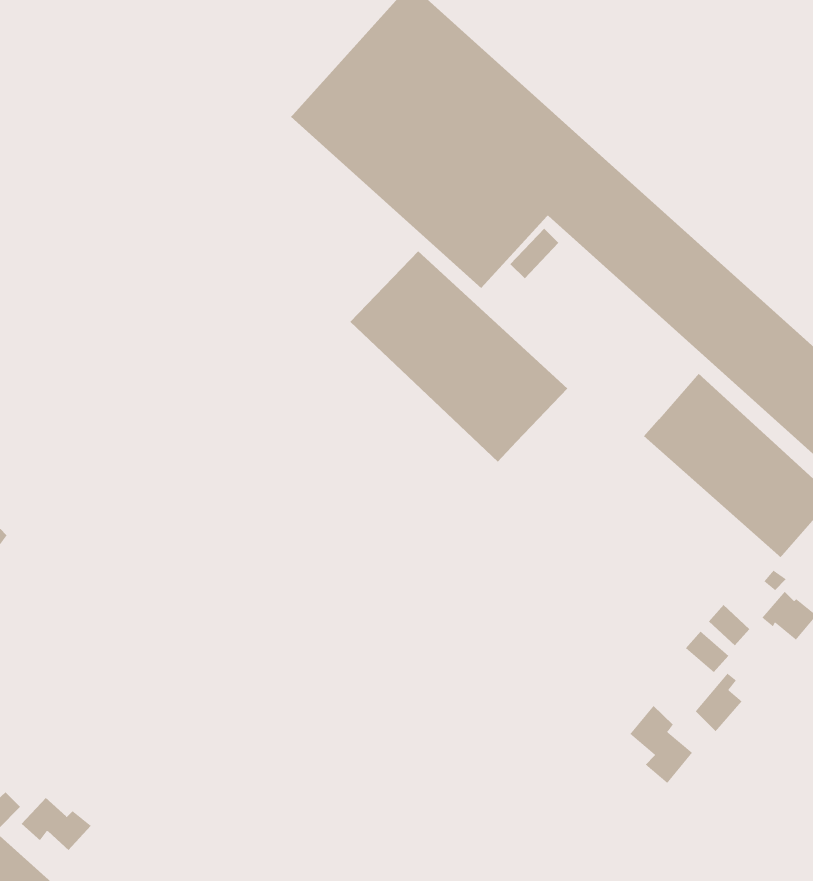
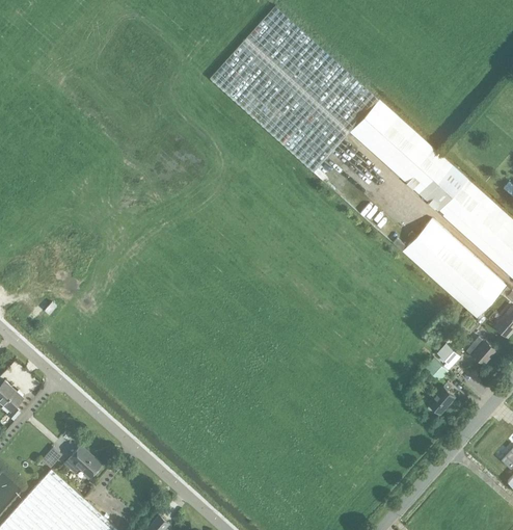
building: [350,251,568,462] -> none
building: [629,705,693,784] -> none

